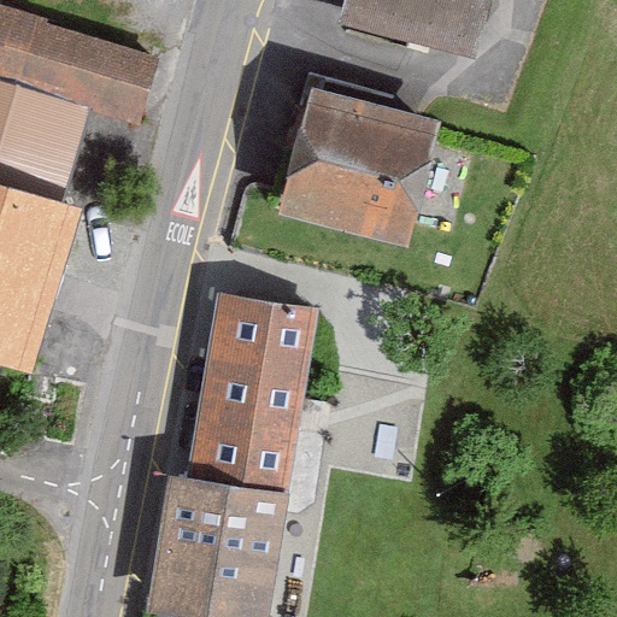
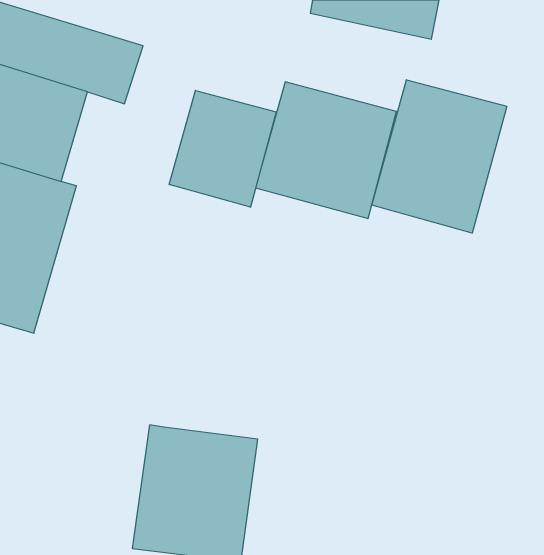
building: none -> [372,80,507,233]
building: none -> [169,90,276,207]
building: [181,292,312,488] -> none

